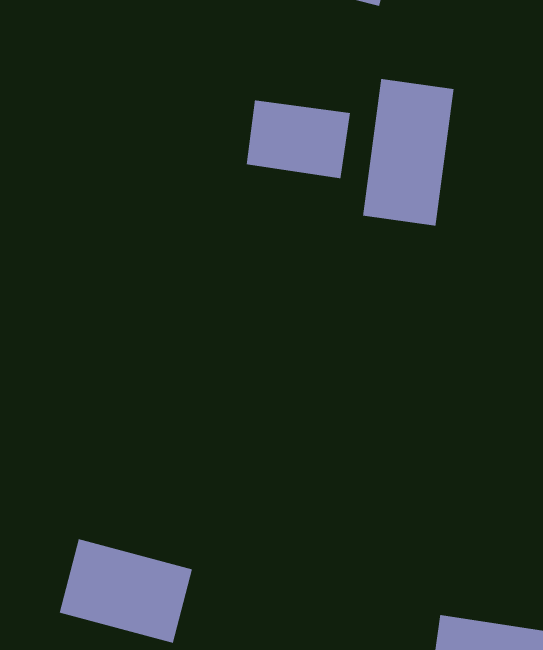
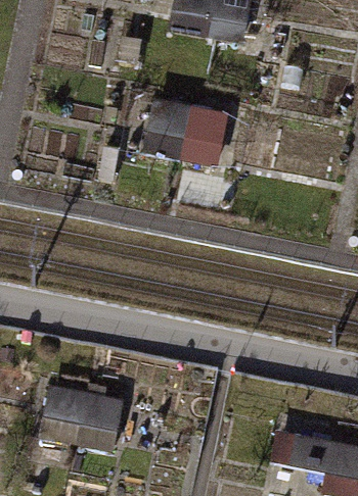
building: [363,78,454,227] -> none

